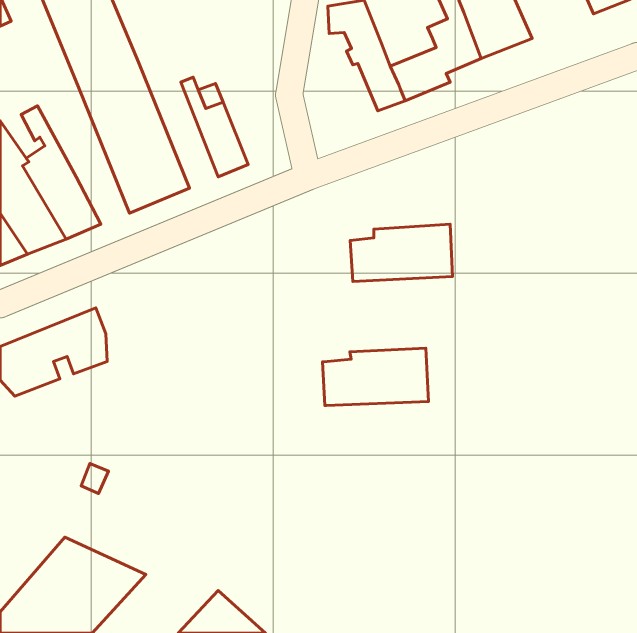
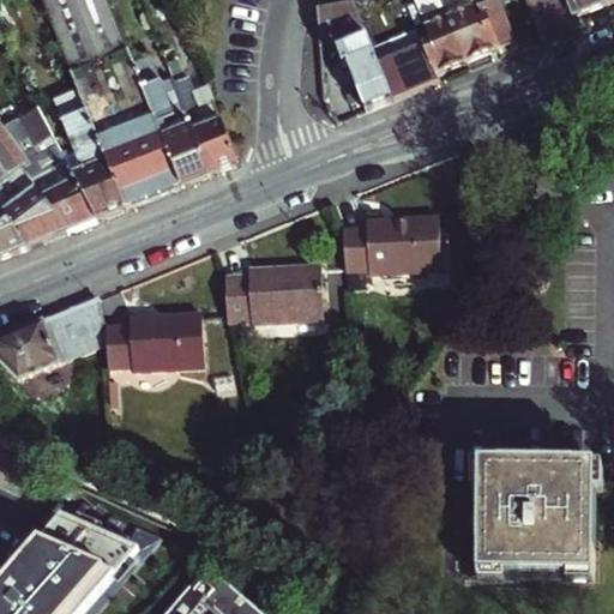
building: none -> [133,54,210,181]
building: none -> [53,84,125,216]
building: none -> [102,311,200,366]
building: [322,348,428,405] -> [215,264,317,319]
building: none -> [475,464,591,576]

